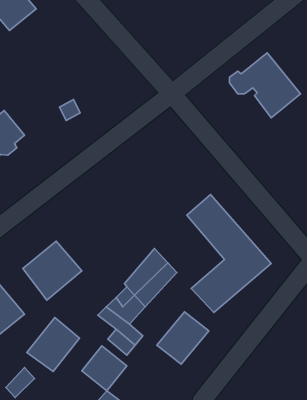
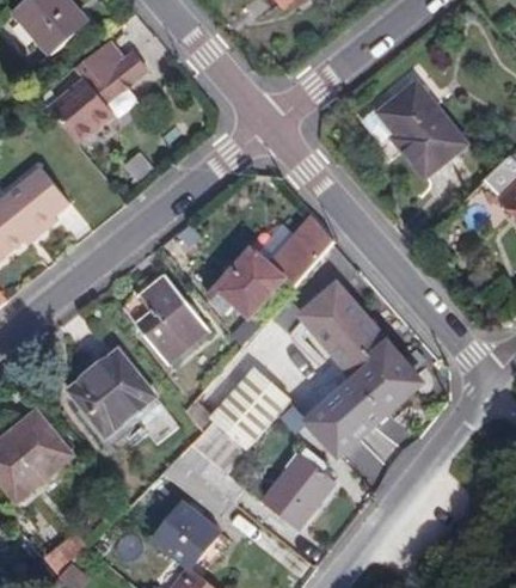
building: none -> [50,38,148,141]
building: none -> [209,213,332,314]
building: none -> [134,283,197,365]
building: [27,318,80,371] -> none

